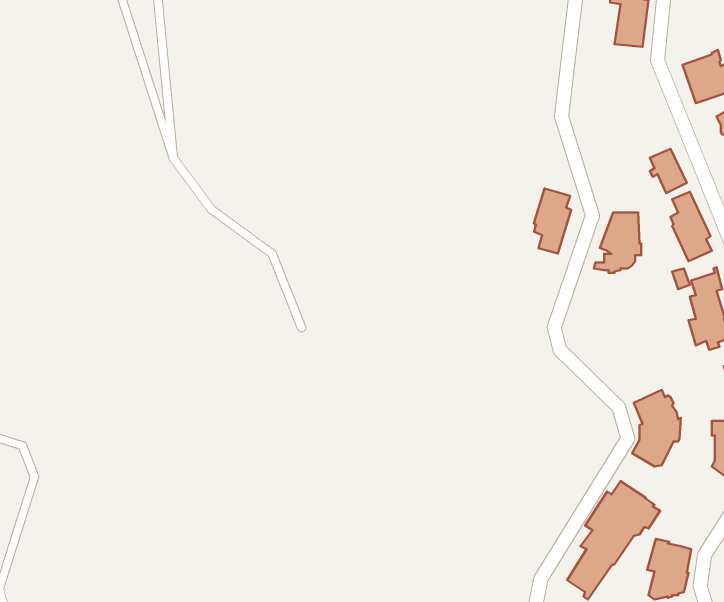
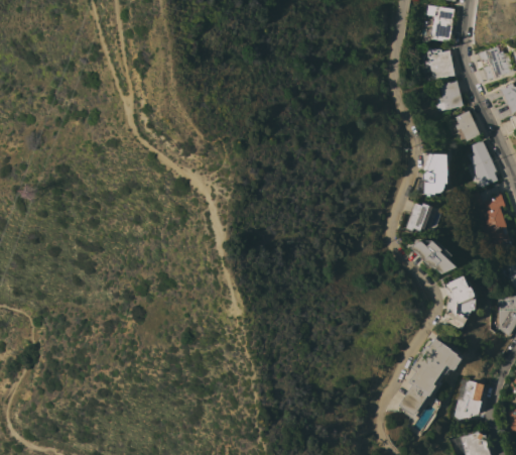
building: none -> [427,47,455,80]
building: none -> [433,81,464,111]
building: [534,189,571,253] -> none
building: none -> [406,203,432,231]
building: none -> [411,240,457,274]

